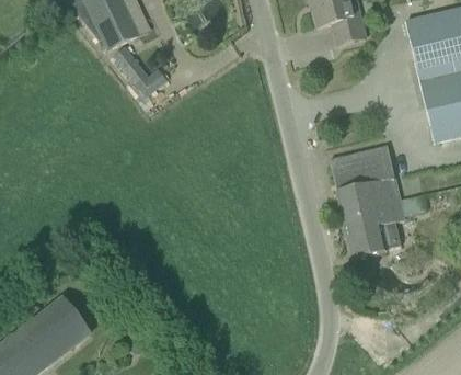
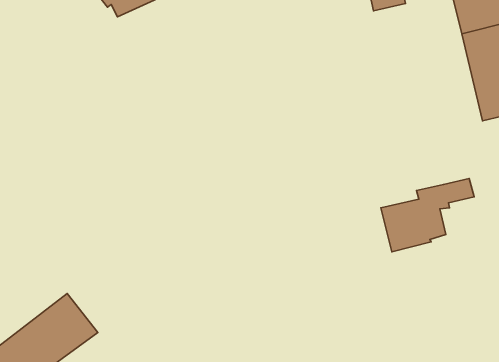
building: [112,43,168,96] -> none
building: [330,146,399,220] -> none

